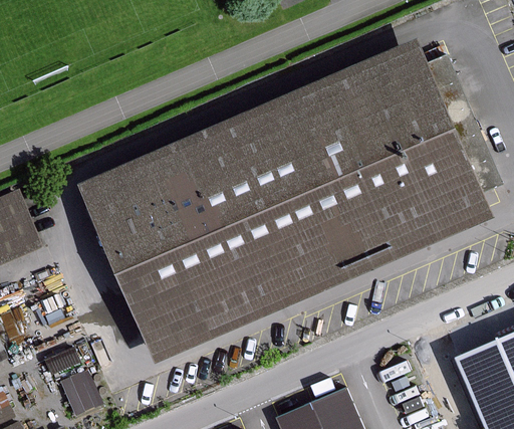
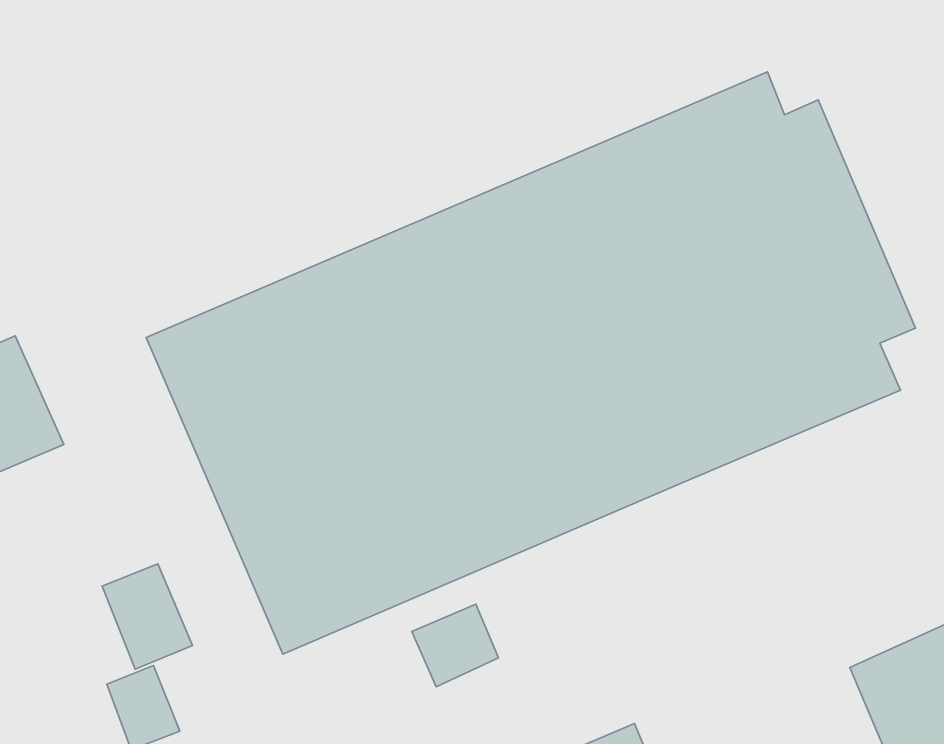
building: none -> [102,564,193,669]
building: none -> [412,604,499,687]

